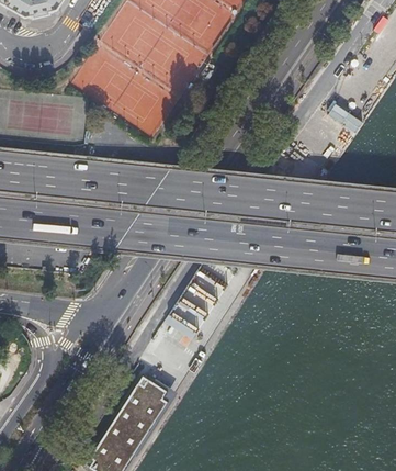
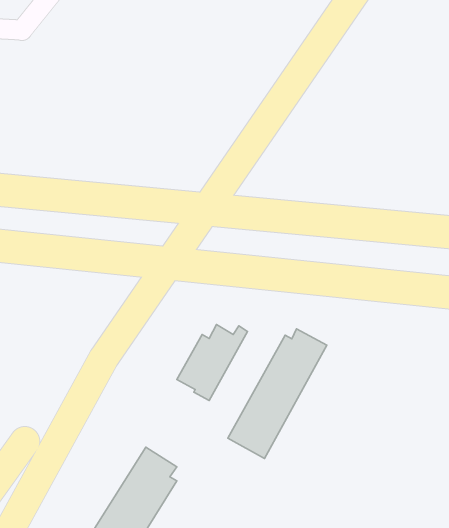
building: none -> [228,329,327,458]

